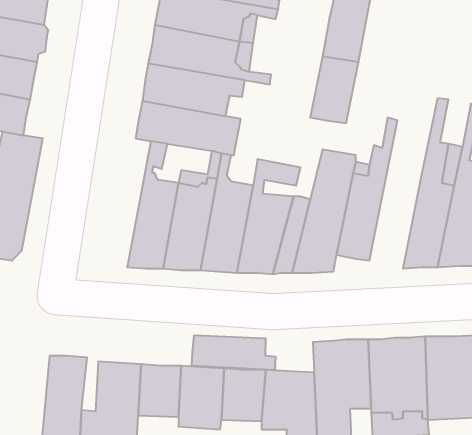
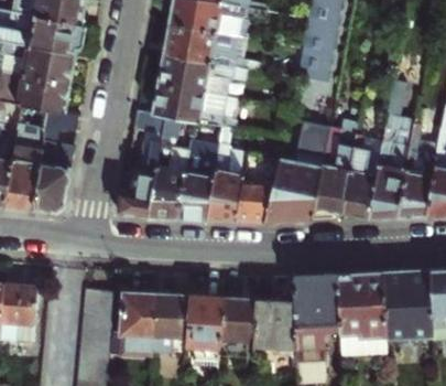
building: none -> [339,101,381,219]
building: none -> [118,112,165,218]
building: [192,335,276,370] -> none

